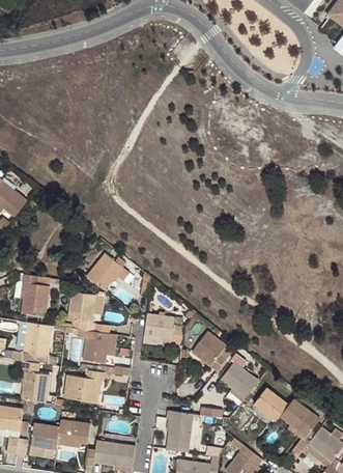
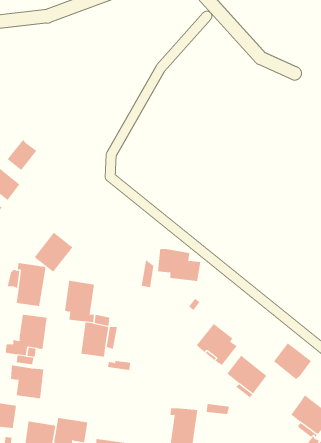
building: none -> [7,139,37,171]
building: [86,252,123,290] -> [34,232,73,273]
building: [144,313,185,344] -> [157,248,201,281]
building: [65,369,105,402] -> none
building: [254,387,290,422] -> [273,342,312,380]

